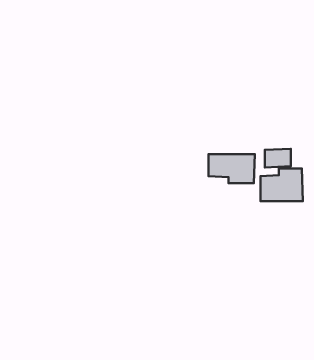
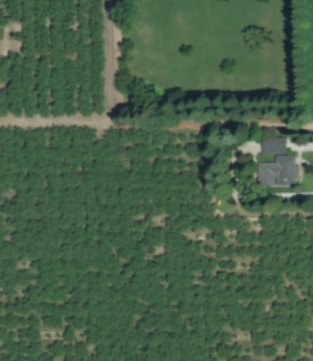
building: [208,154,255,183] -> none

